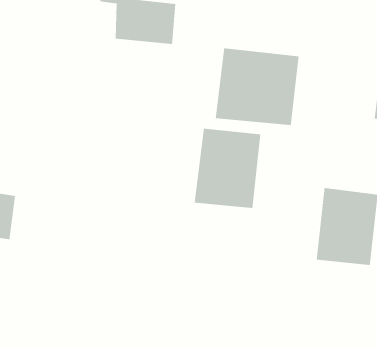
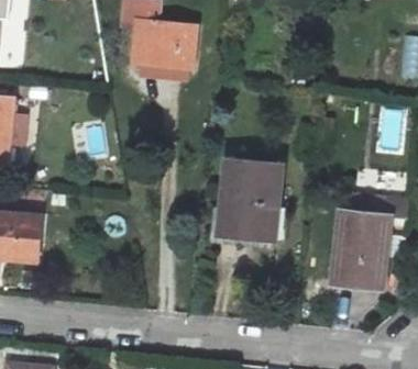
building: [215,47,299,126] -> none

